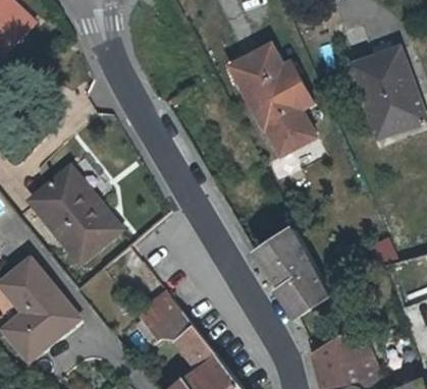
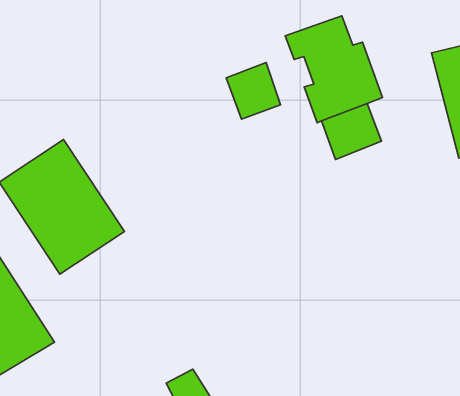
building: none -> [226,63,280,119]
building: [258,233,328,320] -> none
building: [137,290,192,341] -> none

